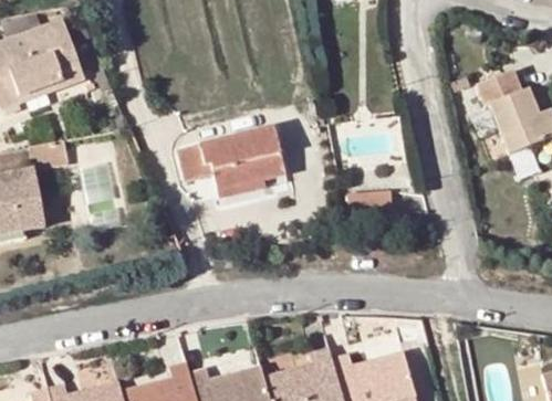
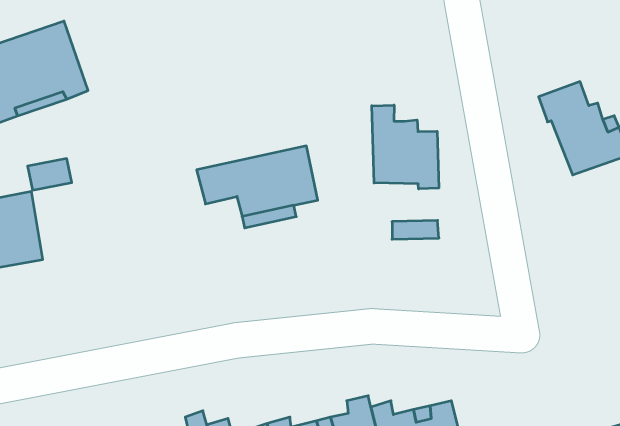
building: none -> [372,105,439,189]

